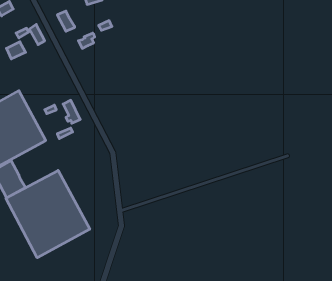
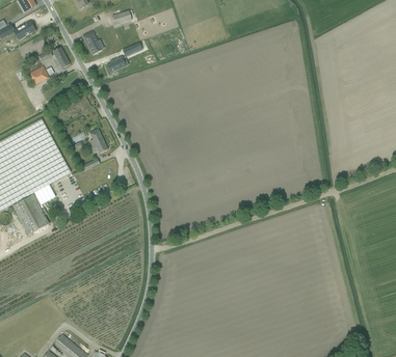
building: [6,170,90,258] -> none

